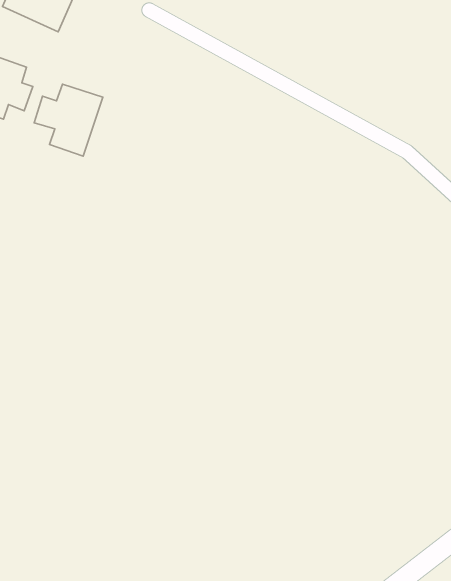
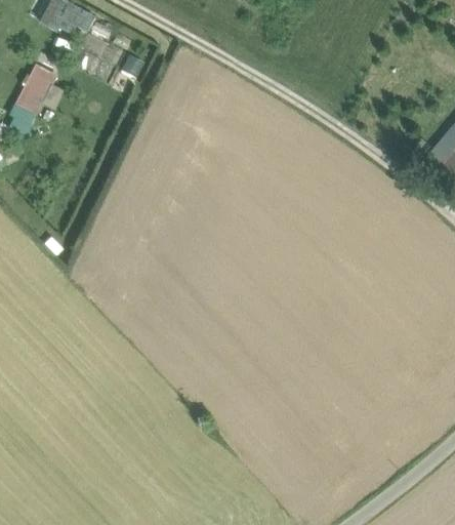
building: [34,84,103,156] -> none

